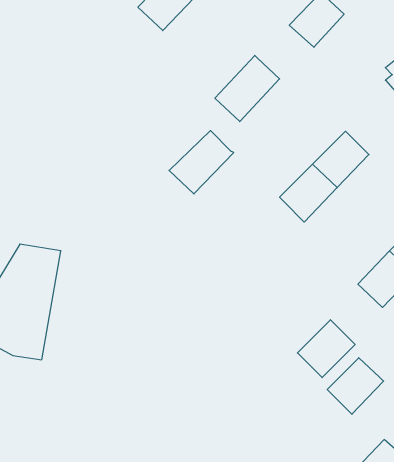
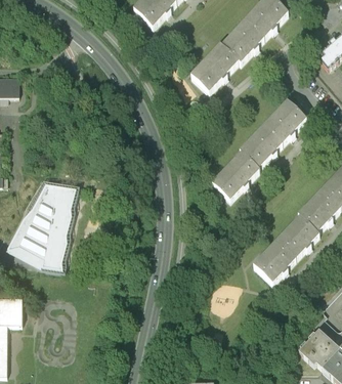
building: none -> [222,22,264,63]
building: [169,131,234,194] -> [211,153,259,200]
building: [327,358,384,414] -> [276,217,318,259]

